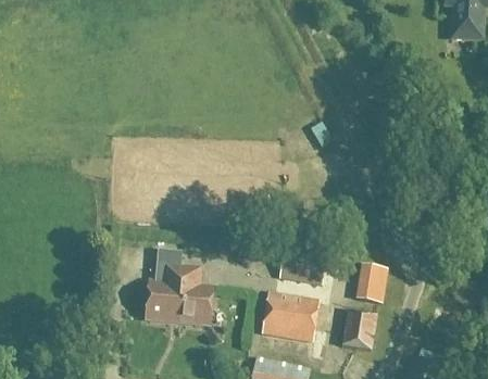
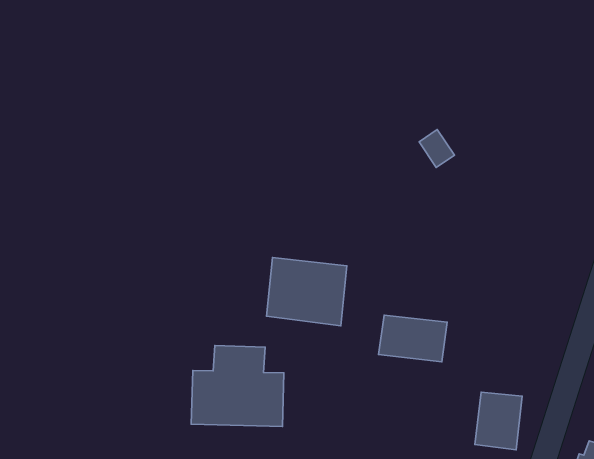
building: [361,263,397,305] -> none
building: [261,291,318,341] -> [267,258,347,326]

